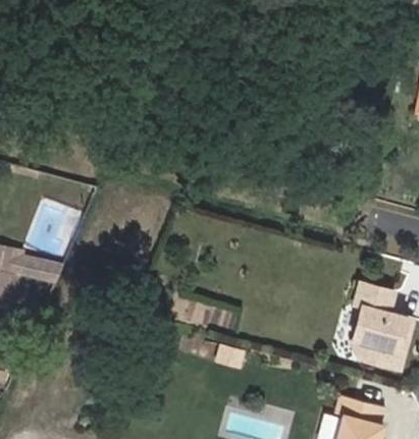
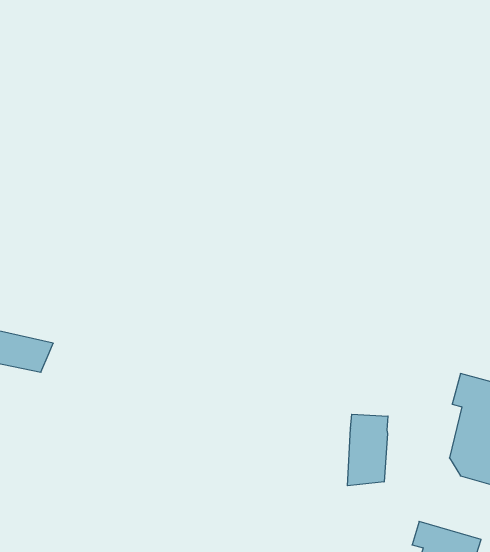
building: none -> [348,414,388,486]

